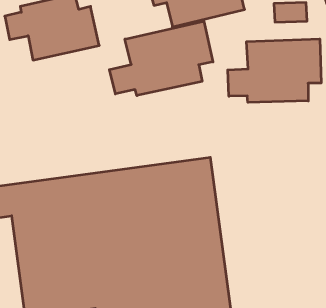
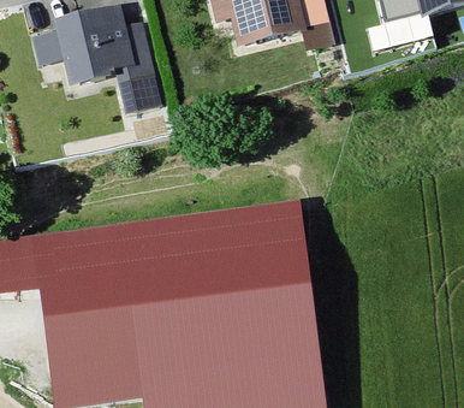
building: [109,21,213,96] -> none
building: [228,39,321,102] -> none

